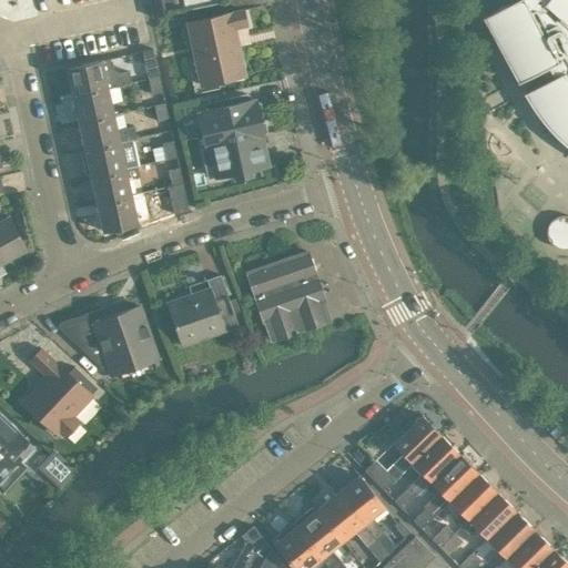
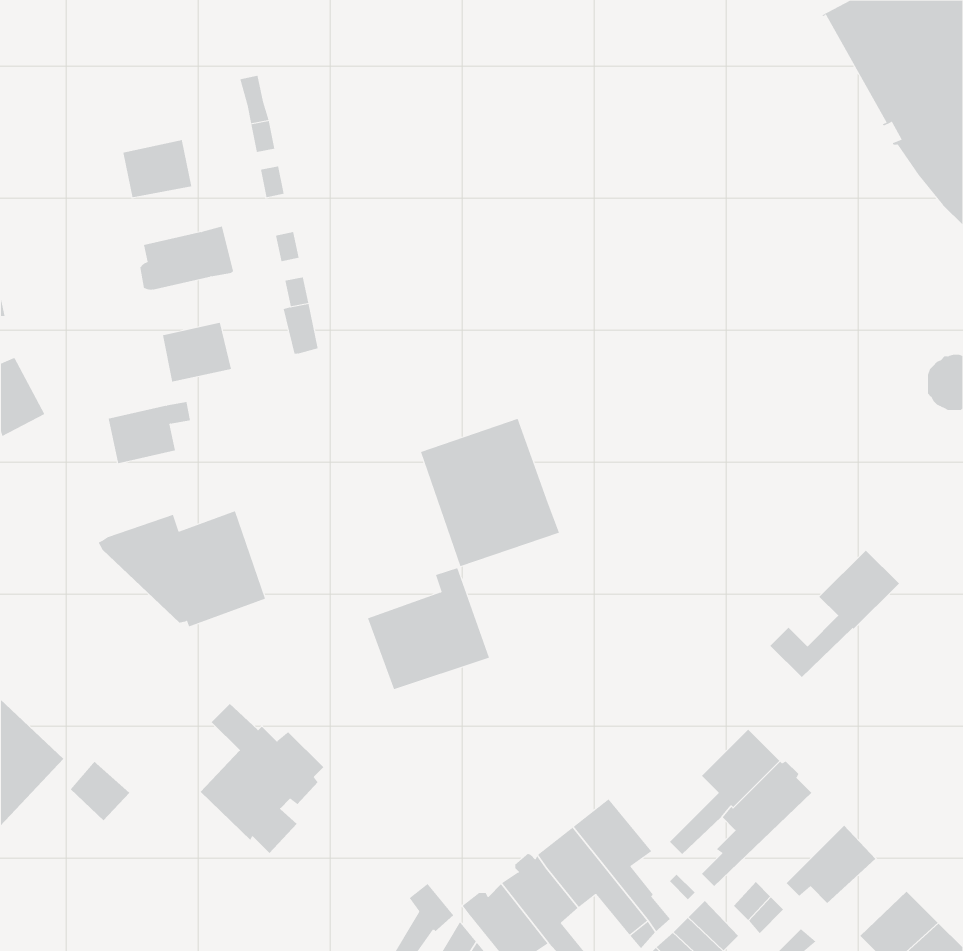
building: [185,11,245,85] -> none
building: [67,60,131,97] -> none
building: [197,94,266,178] -> none
building: [78,116,135,151] -> none
building: [90,168,139,204] -> [108,402,191,464]
building: [166,275,239,347] -> [367,567,490,690]
building: [22,351,95,439] -> [200,703,324,854]
building: [364,416,440,491] -> [770,550,900,678]
building: [449,474,497,528] -> none
building: [487,513,534,558] -> none

